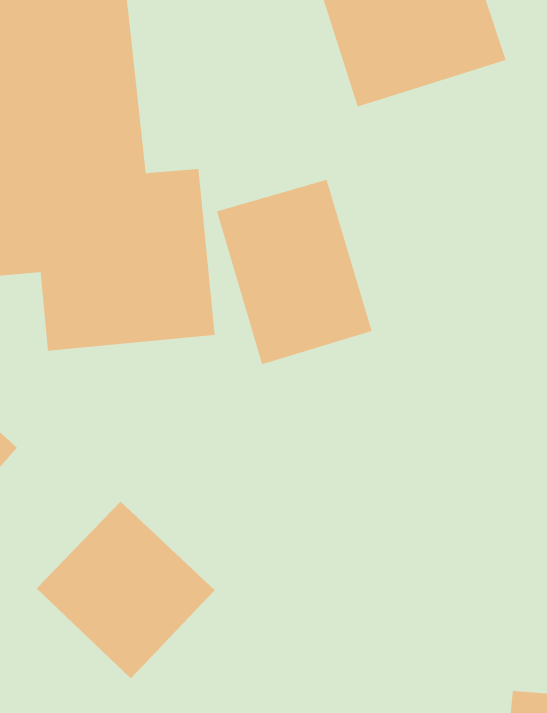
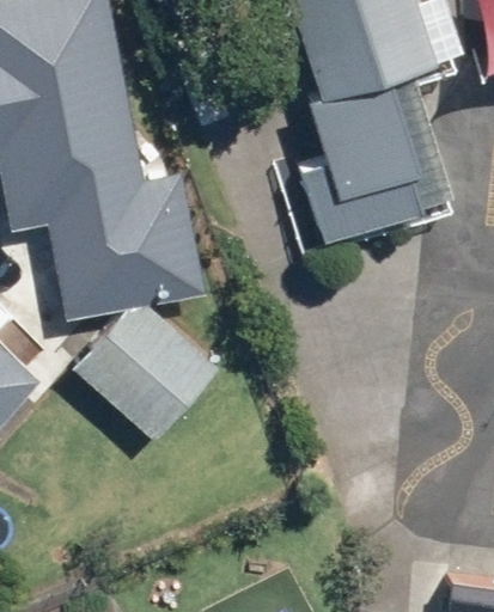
building: [216,179,373,365] -> [303,86,431,238]
building: [36,501,216,679] -> [75,299,222,445]

